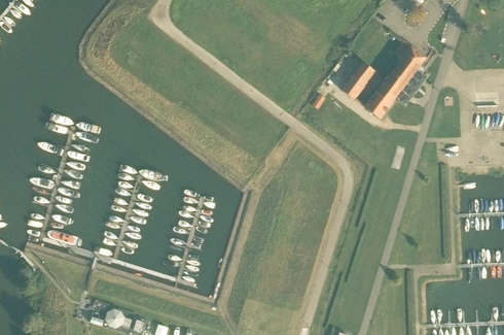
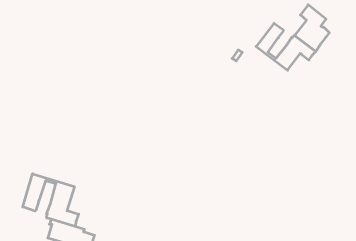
building: none -> [23,174,79,226]

